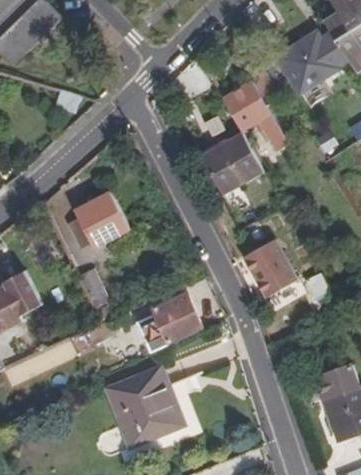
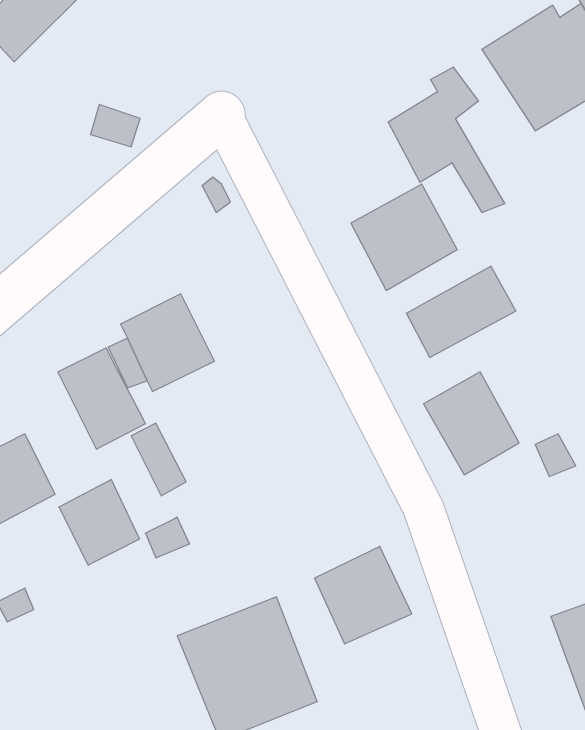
building: none -> [407,266,516,358]
building: none -> [58,348,145,449]
building: [149,290,204,345] -> [314,546,412,644]
building: none -> [59,479,140,565]

